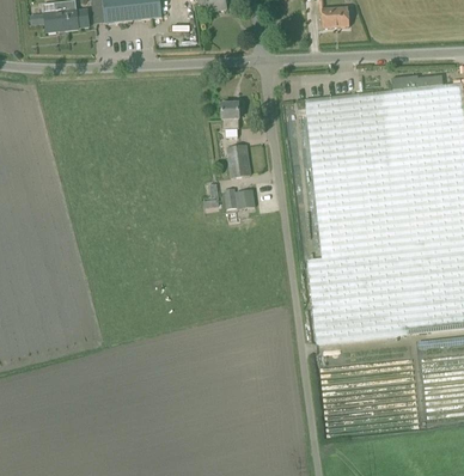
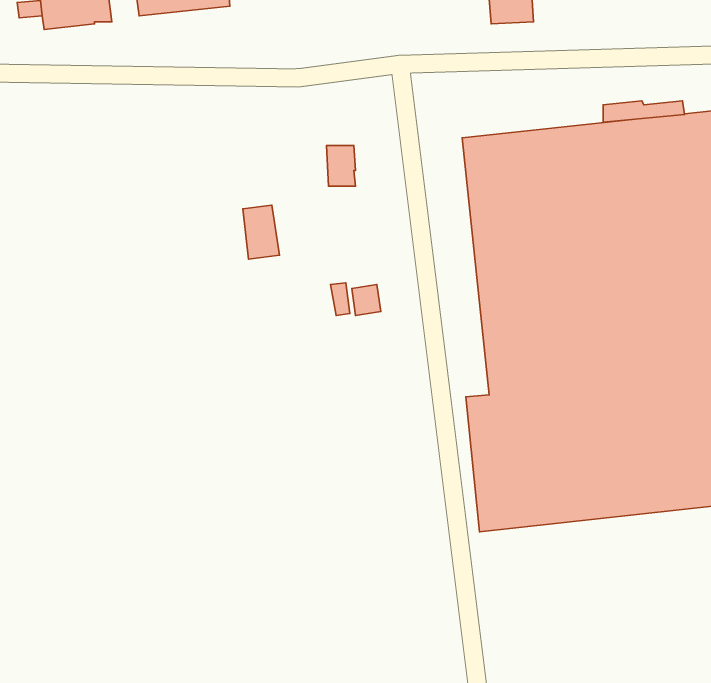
building: [226,144,249,177] -> [243,205,280,259]

